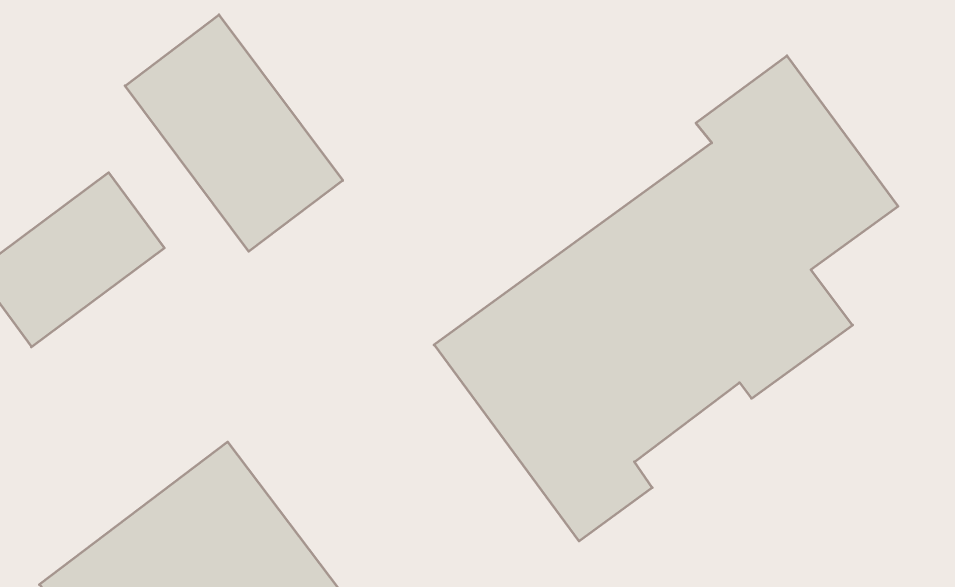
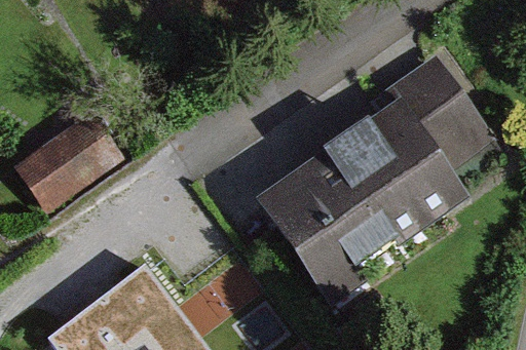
building: [125,15,343,251] -> none

